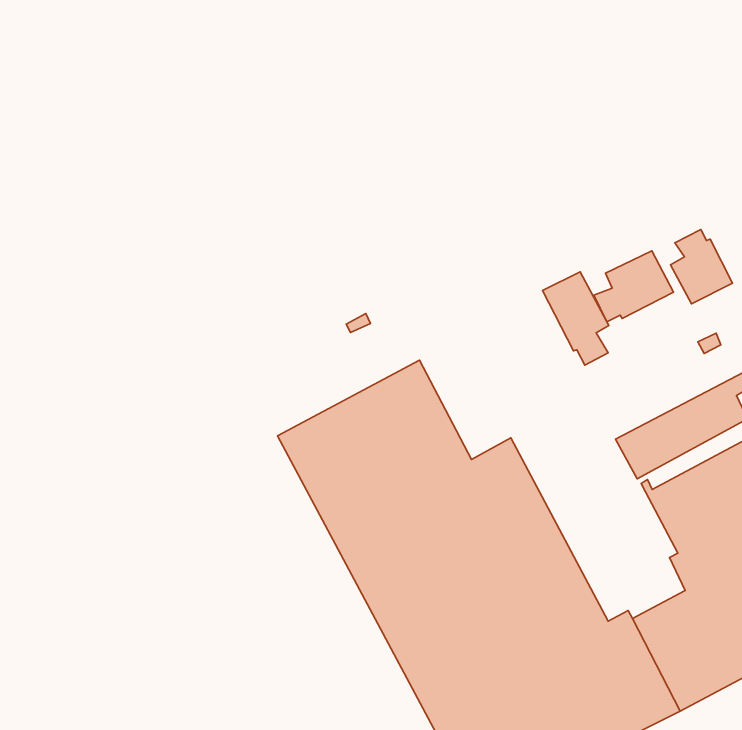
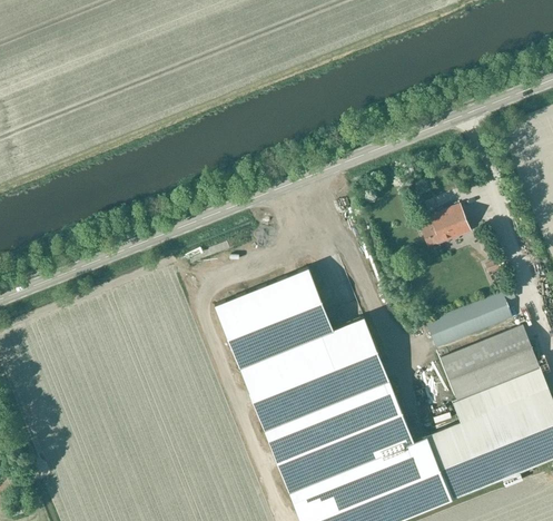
building: [670,229,733,304] -> none
building: [543,272,609,365] -> none

